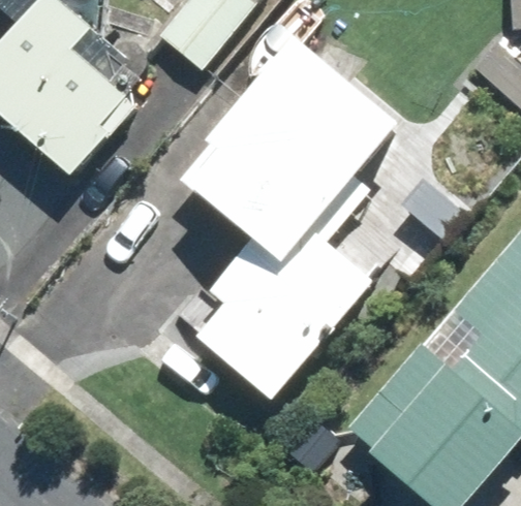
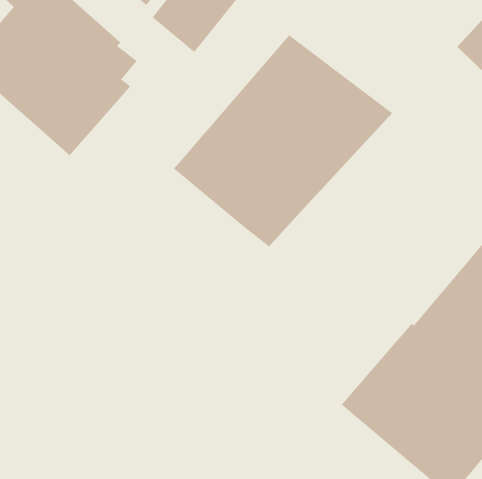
building: [197,228,374,397] -> none

